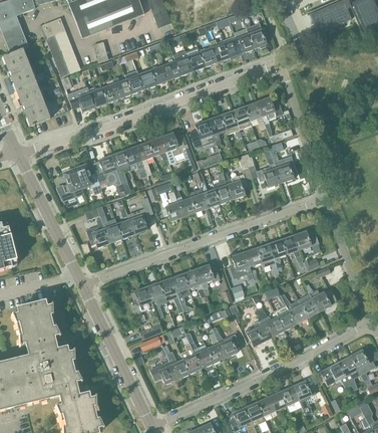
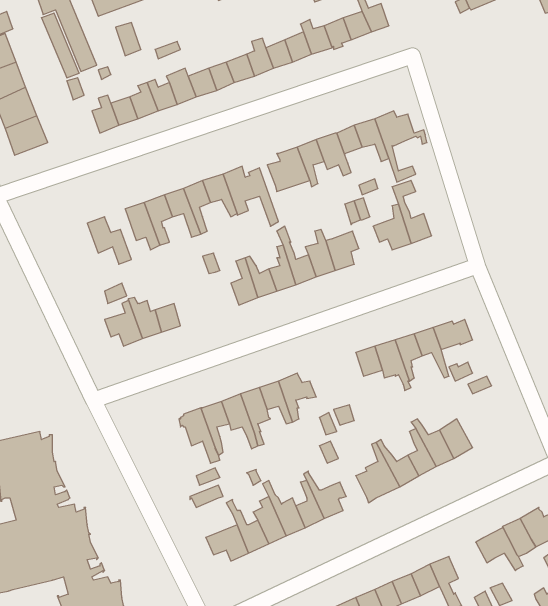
building: [55,168,83,207] -> none
building: [127,196,152,233] -> none
building: [228,250,254,278] -> none
building: [305,282,336,310] -> none

